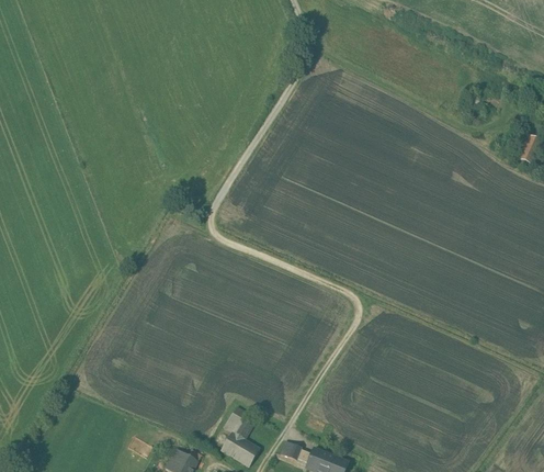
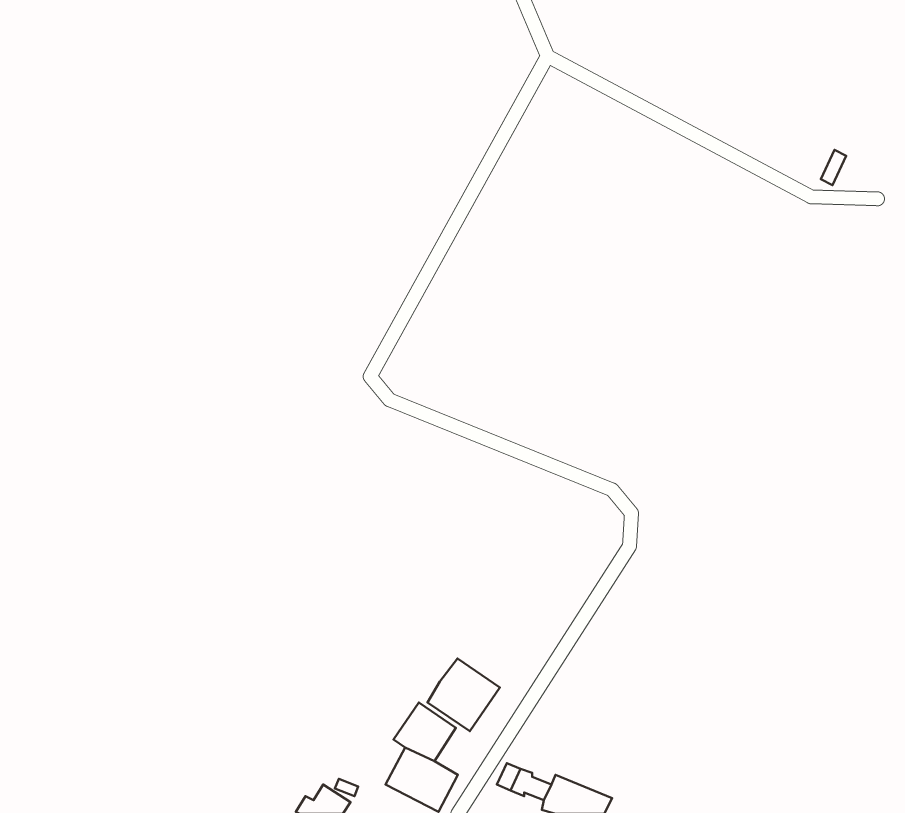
building: none -> [427,659,500,731]

